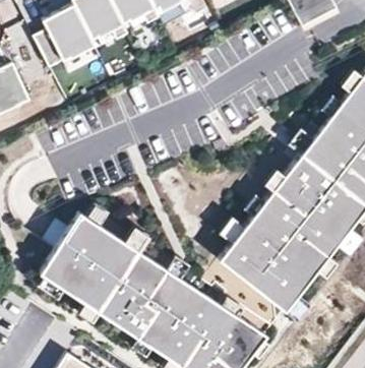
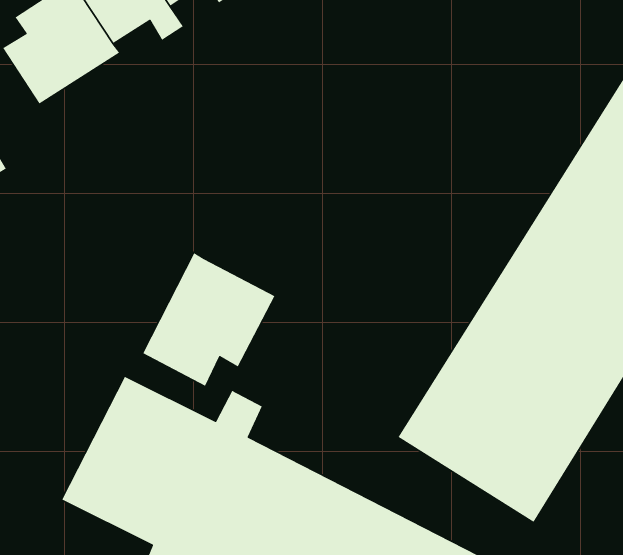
building: none -> [142,252,276,387]

